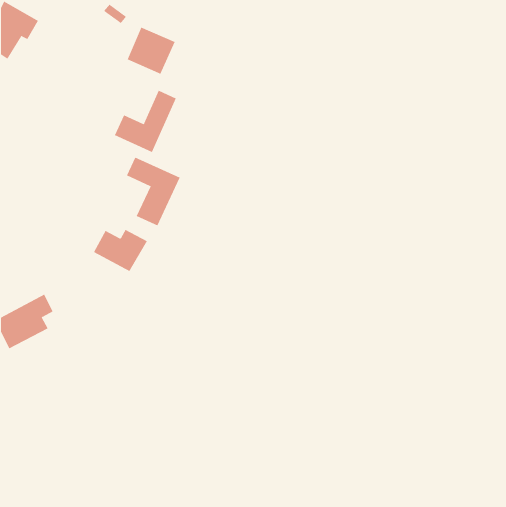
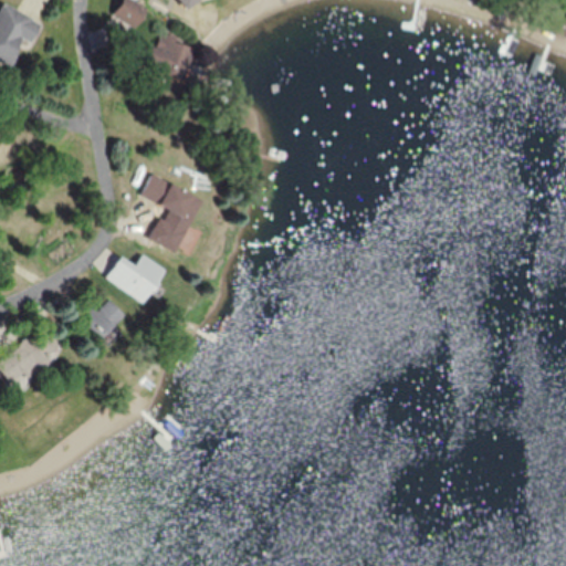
building: [114,90,177,153] -> none
building: none -> [81,300,125,344]

